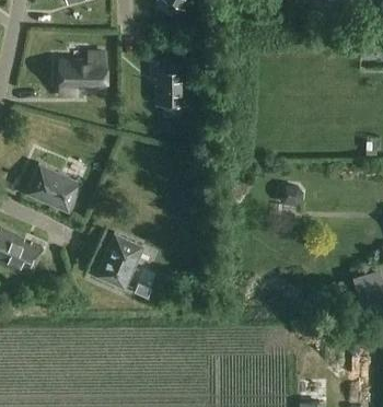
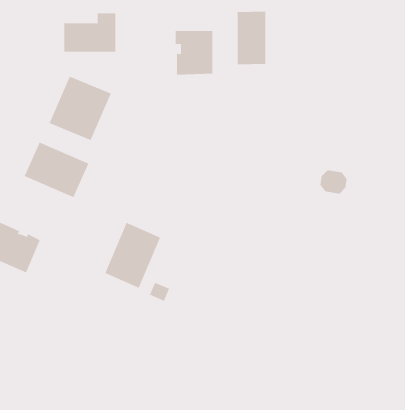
building: none -> [237,11,266,65]
building: none -> [49,76,112,141]

